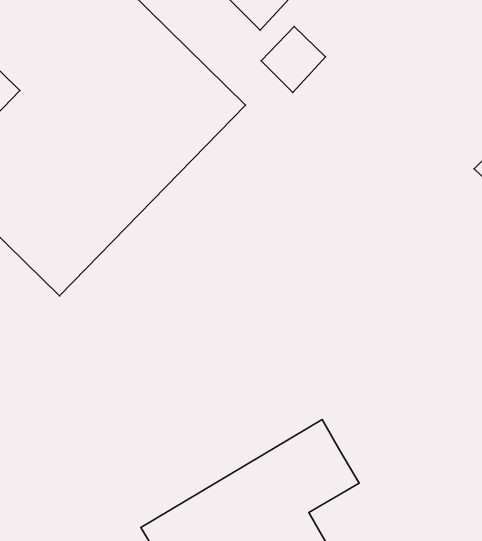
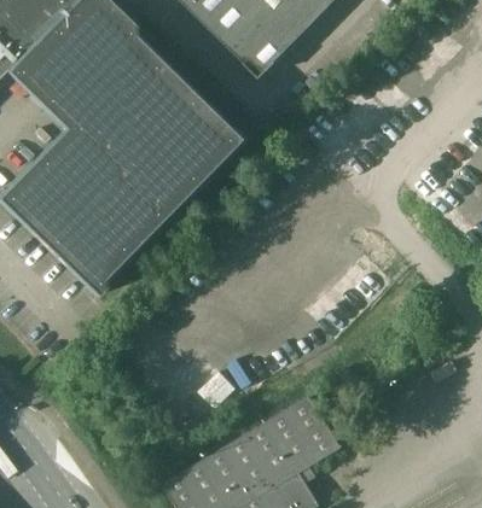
building: [261,27,326,92] -> none

